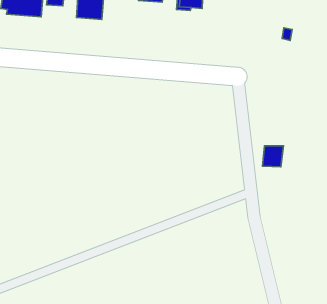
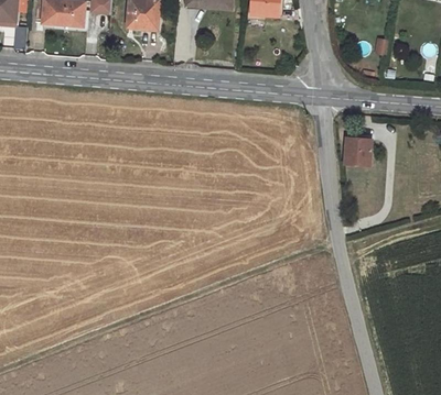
building: [263,146,284,167] -> [345,139,370,164]

